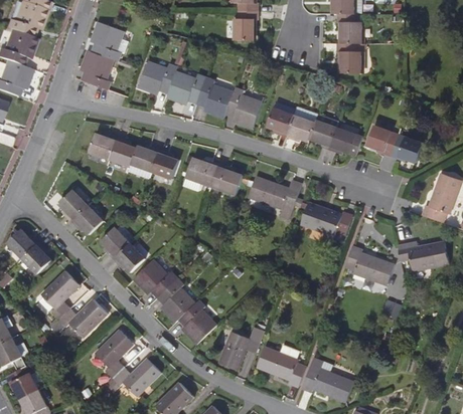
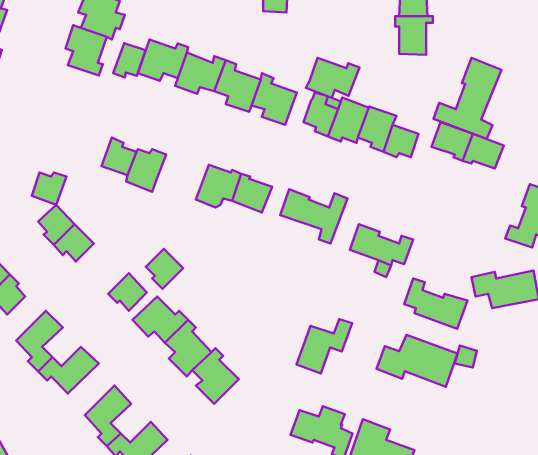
building: none -> [113,43,145,78]
building: none -> [433,58,502,139]
building: none -> [306,58,359,98]
building: [90,134,117,159] -> [32,173,67,205]
building: [151,150,177,178] -> none
building: [101,227,130,258] -> [146,249,183,289]
building: none -> [377,335,458,387]
building: [218,328,262,370] -> [296,319,352,373]

